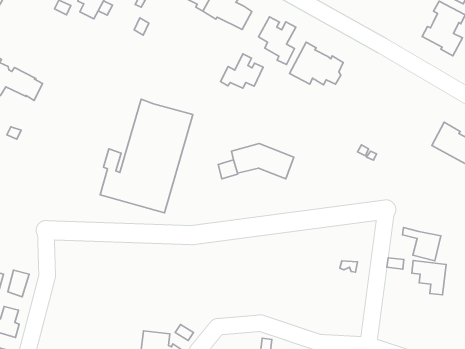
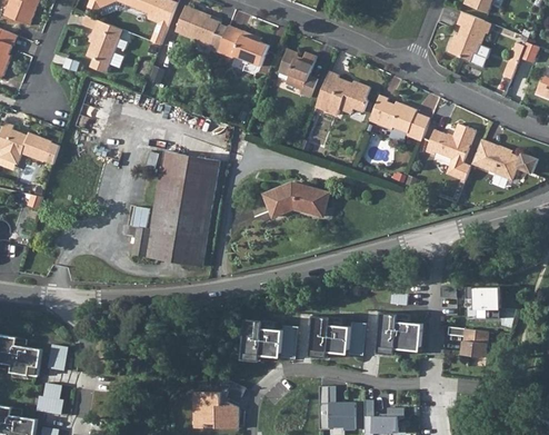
building: [220,54,263,88] -> none
building: none -> [369,95,429,141]
building: none -> [426,122,476,180]
building: [403,227,441,261] -> [448,326,488,357]
building: none -> [243,318,298,358]
building: none -> [311,315,366,355]
building: none -> [379,312,423,349]

